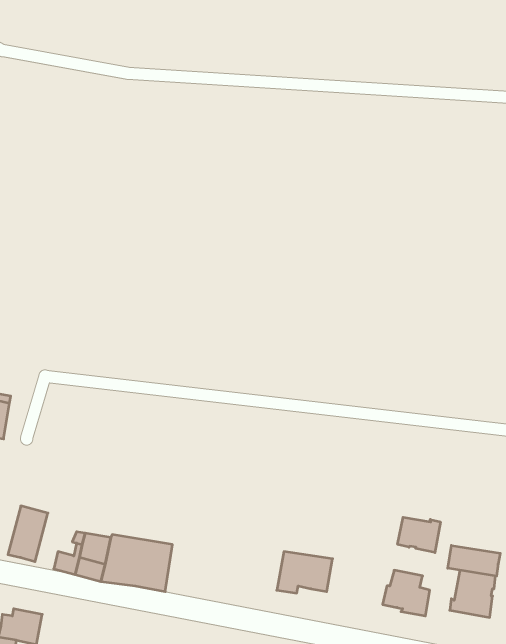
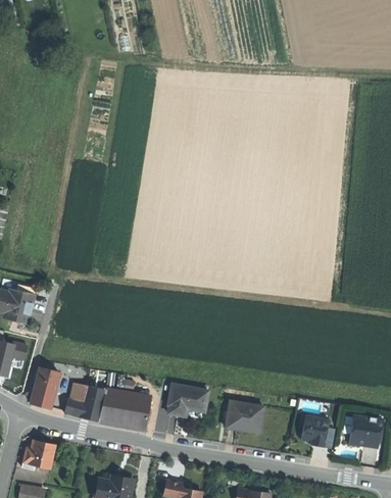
building: [398,517,440,553] -> none
building: none -> [166,385,206,416]
building: [448,545,500,576] -> none

